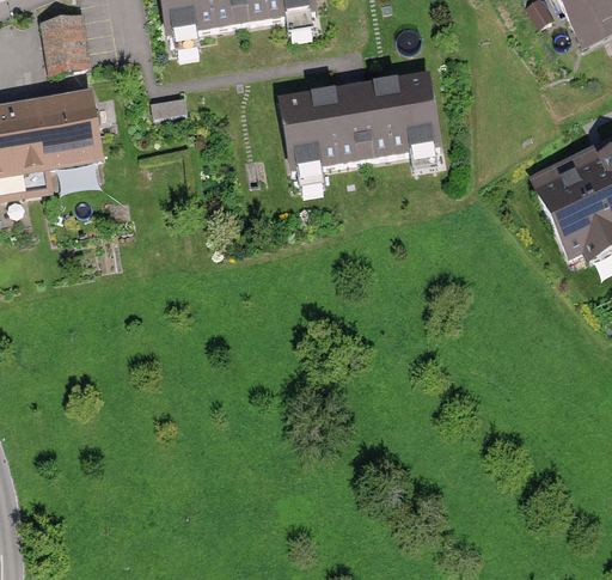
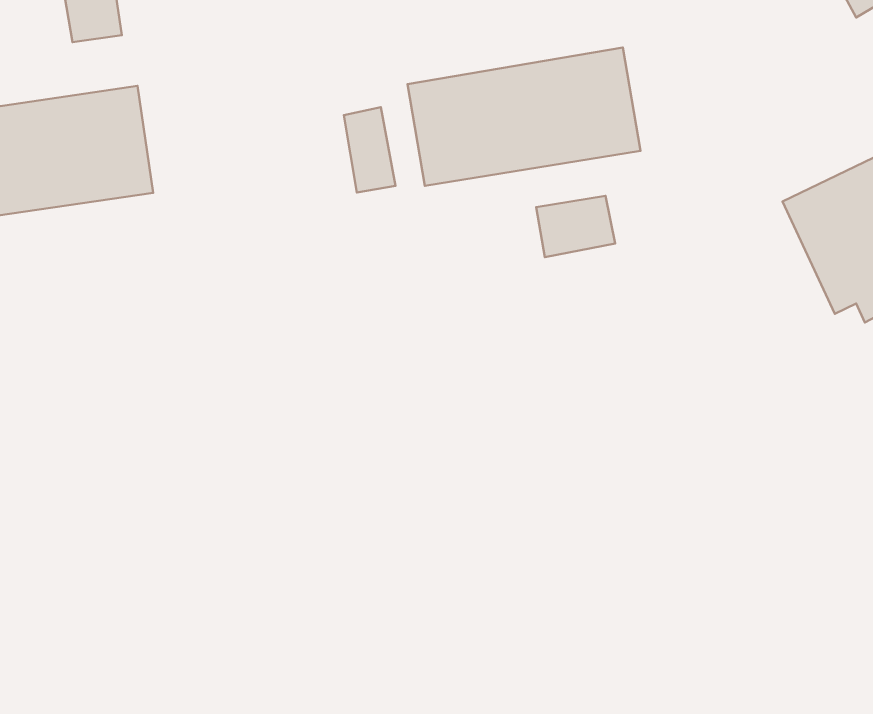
building: none -> [344,107,396,192]
building: none -> [536,196,615,257]

